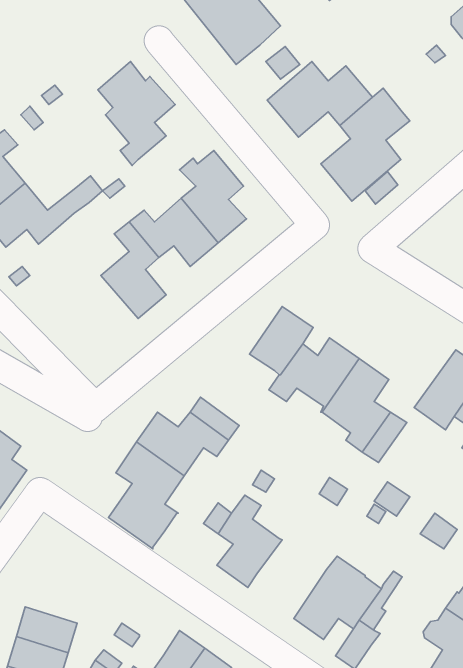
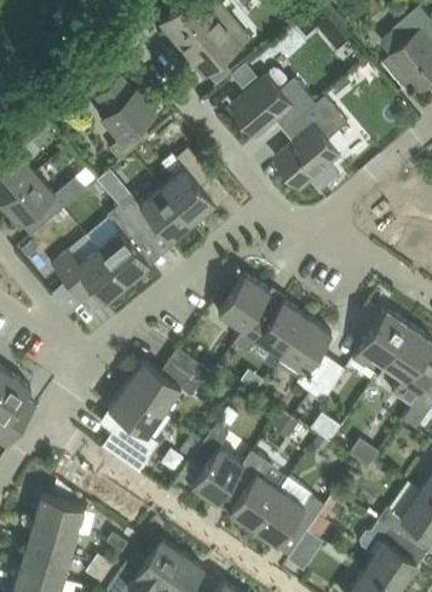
building: none -> [50,236,126,304]
building: none -> [223,450,280,529]
building: none -> [34,495,83,533]

